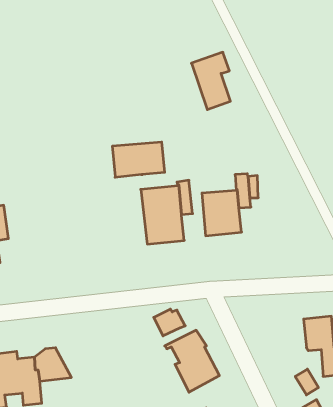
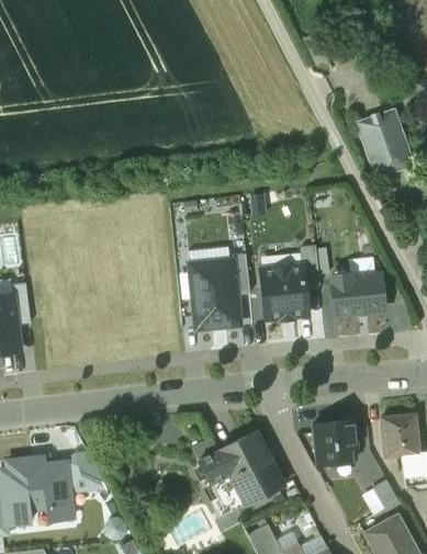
building: [191,52,230,110] -> [358,108,404,176]
building: [113,142,165,177] -> none
building: none -> [332,272,382,315]
building: [154,309,185,336] -> [196,450,234,482]
building: none -> [312,420,356,464]

